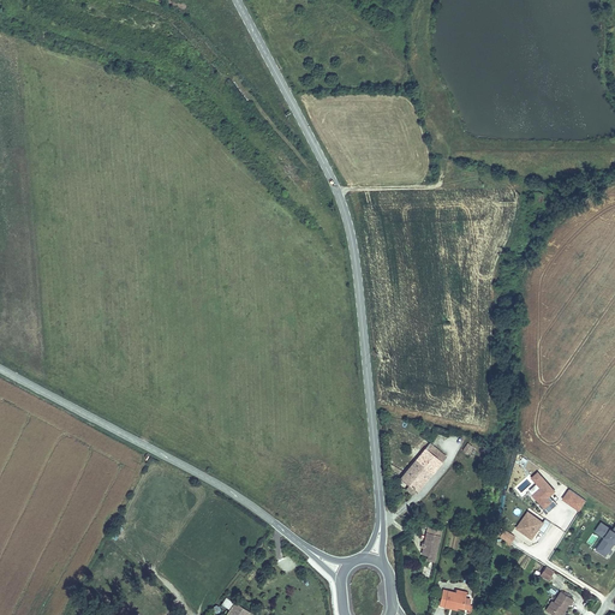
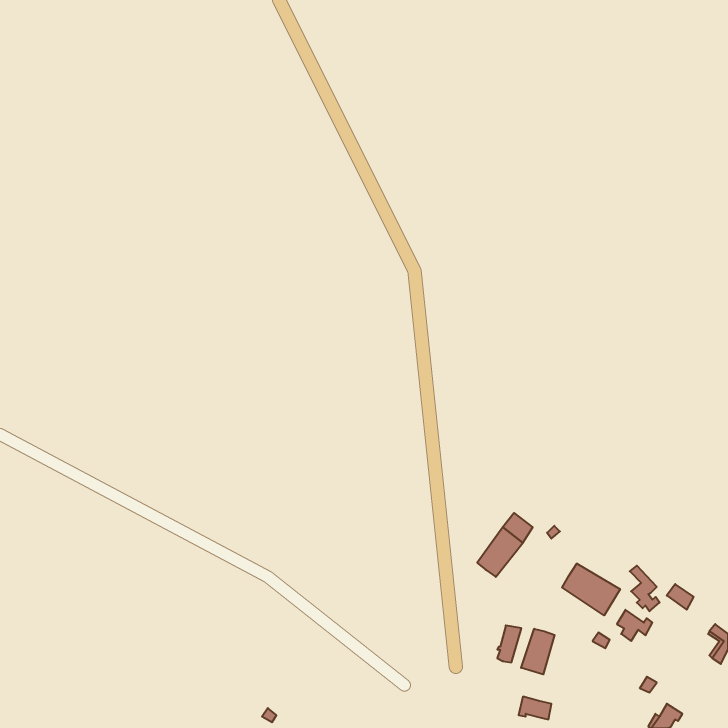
building: none -> [562,563,620,615]
building: none -> [521,629,555,674]

